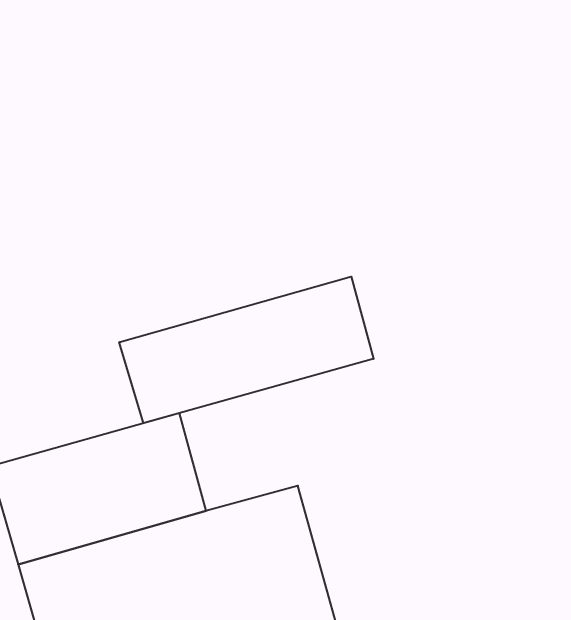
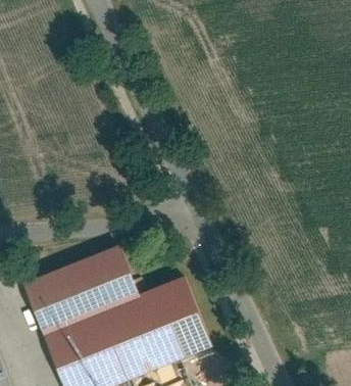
building: [119,277,374,423] -> none

